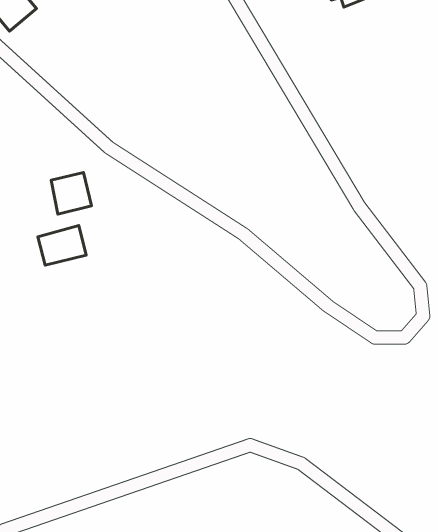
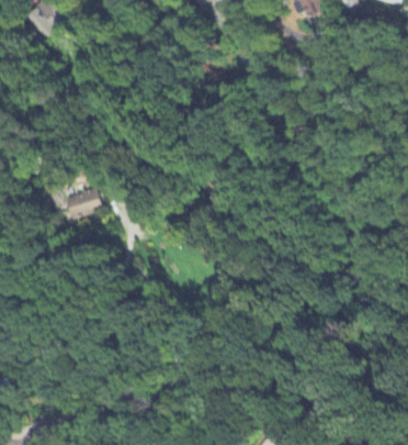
building: [51,173,92,214] -> none

